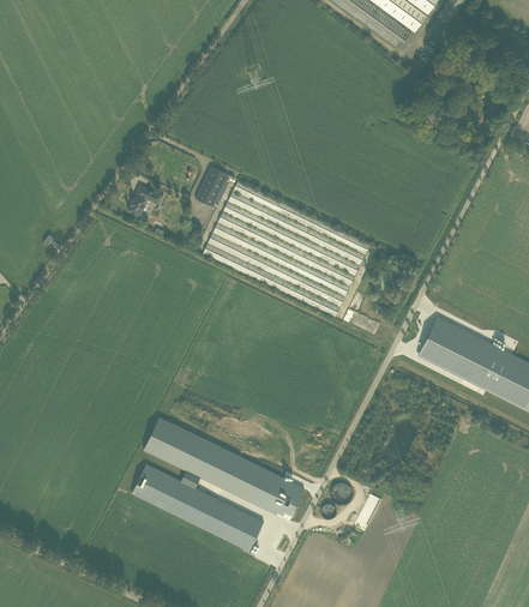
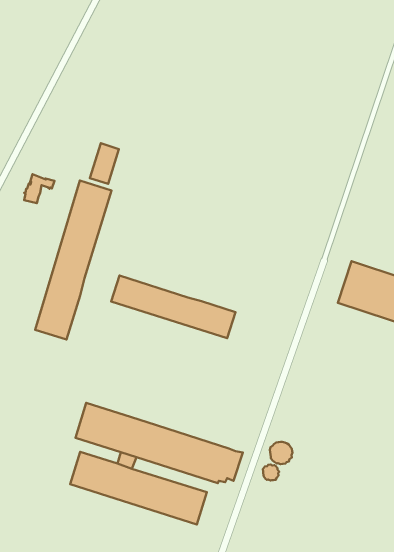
building: none -> [35,181,112,340]
building: none -> [111,275,236,338]

